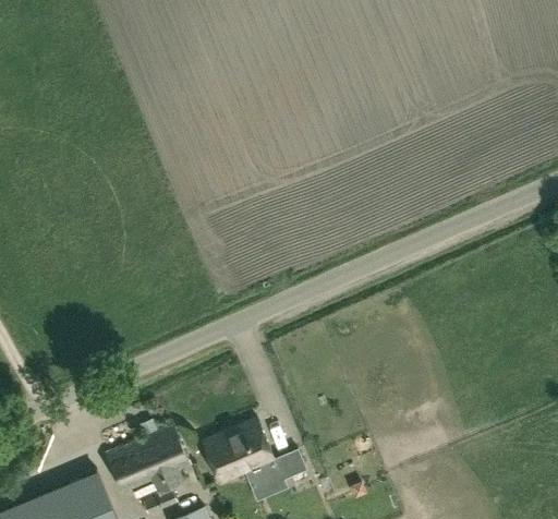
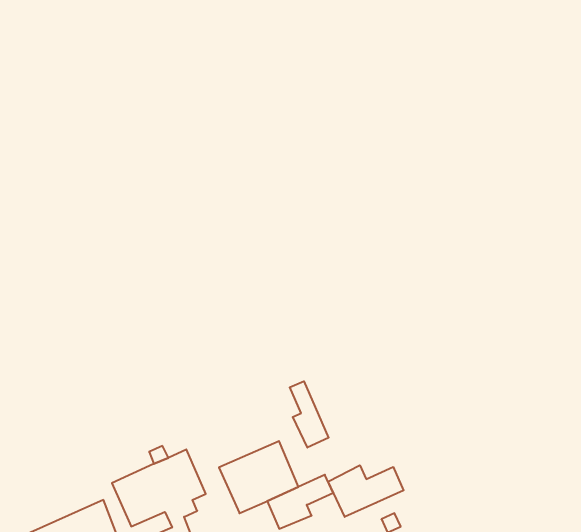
building: none -> [290,381,329,448]
building: none -> [328,465,404,517]

